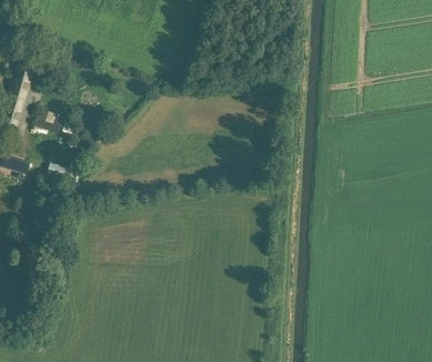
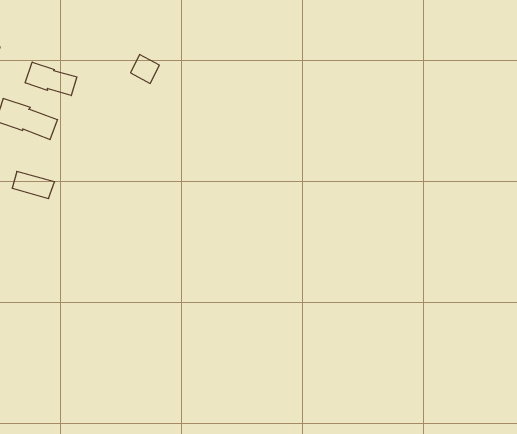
building: none -> [25,62,77,96]

